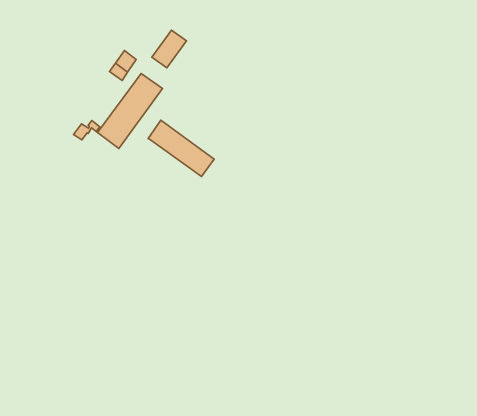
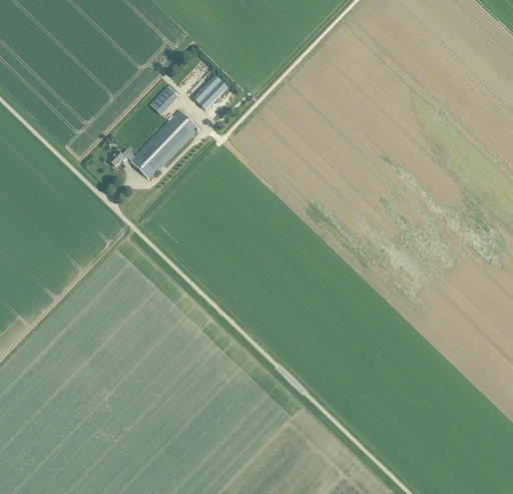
building: [148,120,214,177] -> none

